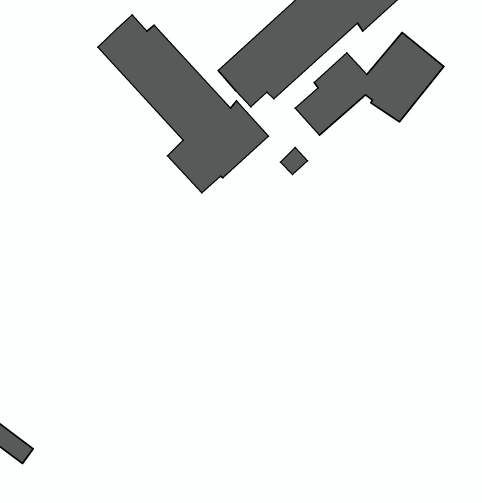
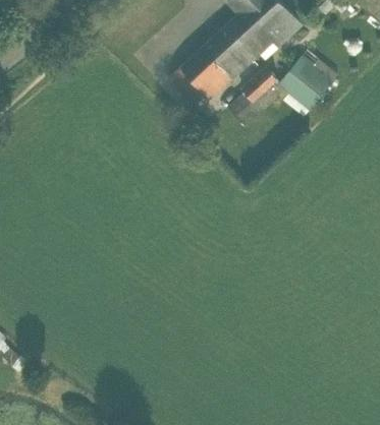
building: [98,15,269,193] -> none

